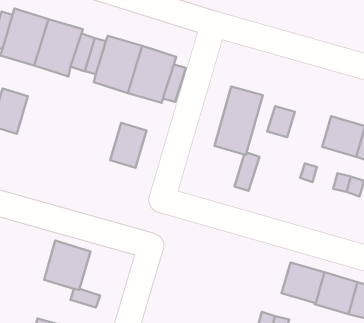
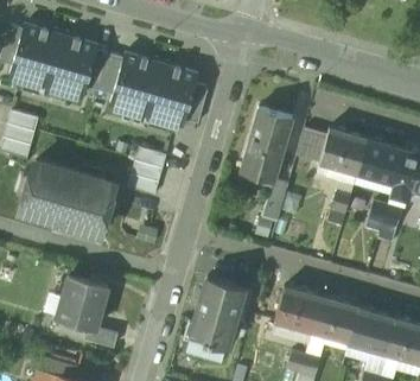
building: none -> [319,131,367,174]
building: none -> [21,163,114,235]
building: none -> [191,279,244,351]
building: none -> [275,288,323,332]

